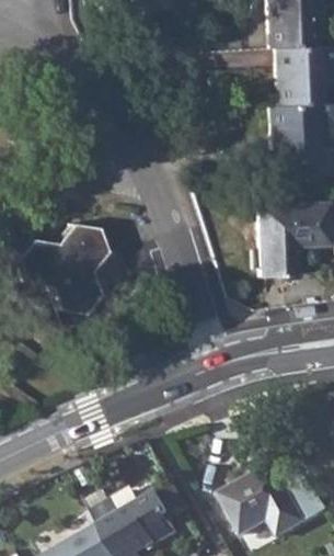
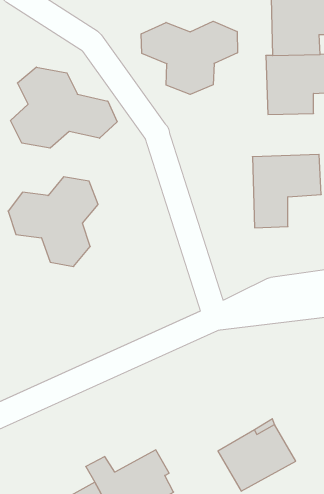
building: none -> [141,21,237,94]
building: none -> [11,67,117,148]

